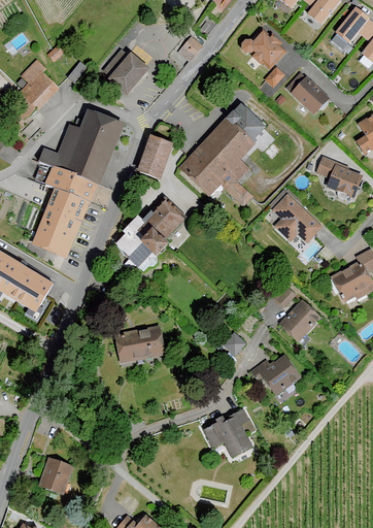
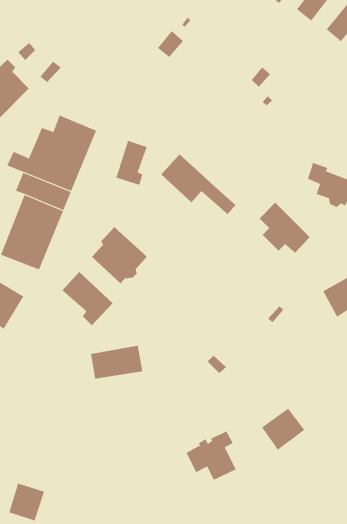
building: [241,30,284,68] -> none
building: [103,50,148,95] -> none
building: [285,72,329,114] -> none
building: [198,103,265,183] -> none
building: [141,198,184,241] -> none
building: none -> [62,271,113,326]
building: [278,299,320,342] -> none
building: [259,356,300,396] -> [261,408,305,451]

